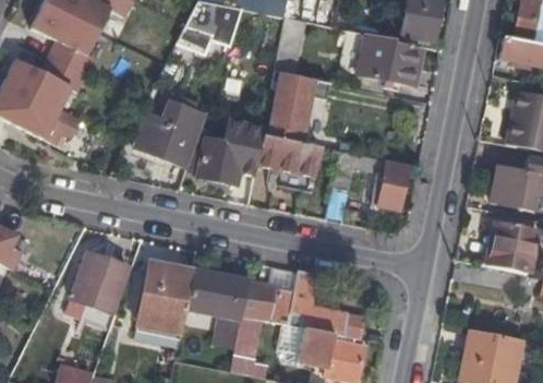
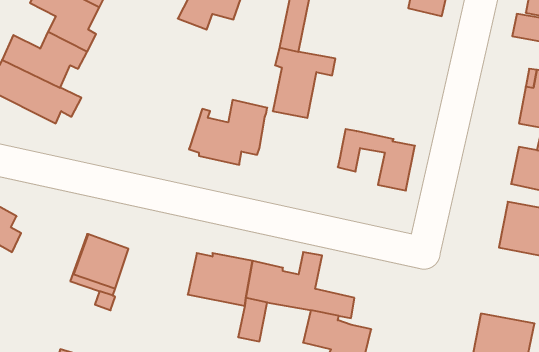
building: [355,32,422,84] -> none
building: [133,103,205,167] -> none
building: [255,137,339,180] -> none
building: [138,262,194,331] -> none

